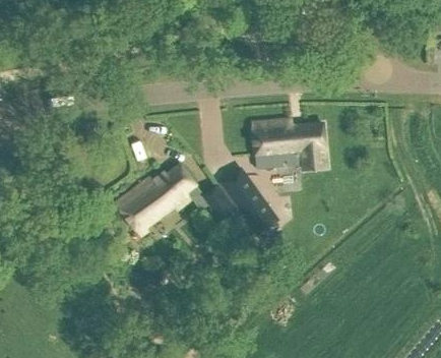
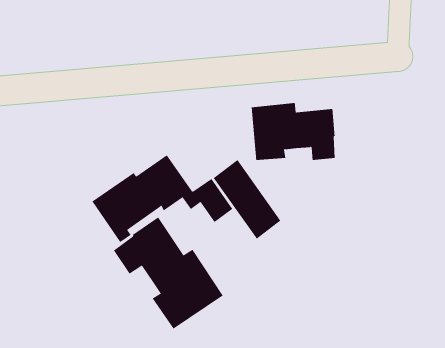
building: none -> [113,217,223,330]

